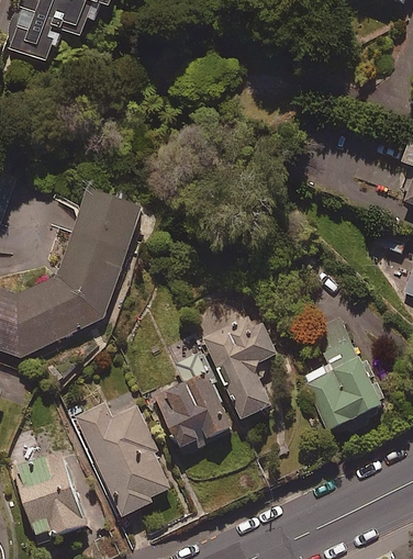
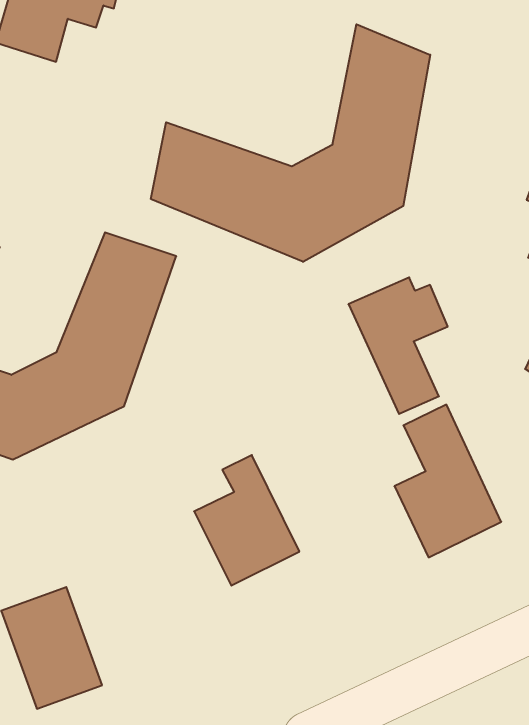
building: none -> [151,24,430,262]
building: [205,316,279,417] -> [348,277,448,414]
building: [71,403,171,518] -> none

